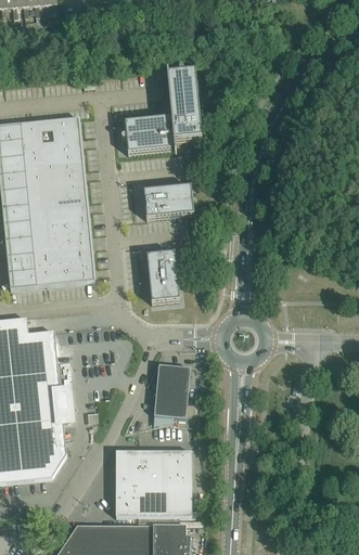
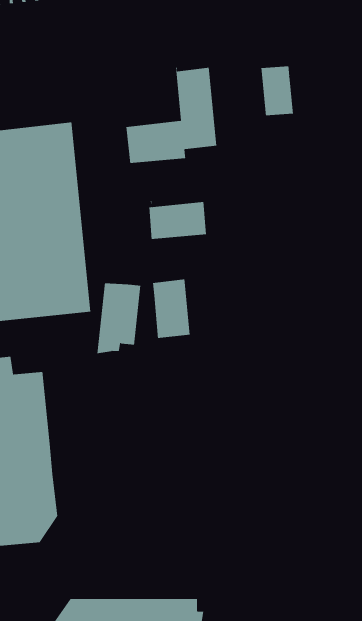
building: none -> [261,65,294,116]
building: [152,364,190,425] -> [97,283,141,354]
building: [115,451,191,516] -> none

